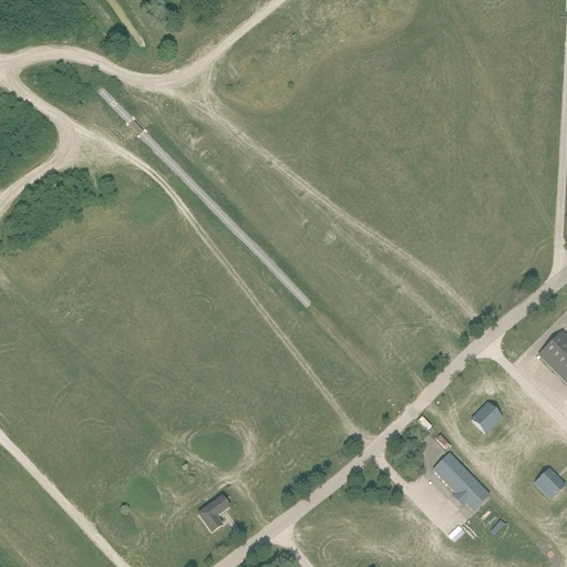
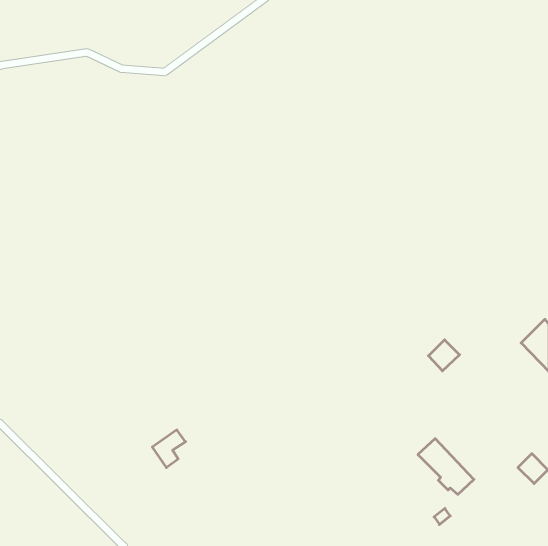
building: [471,401,503,433] -> [428,340,460,371]
building: [196,494,230,533] -> [152,430,186,468]

